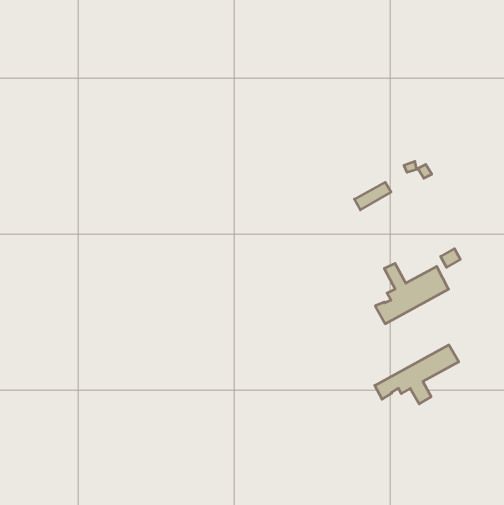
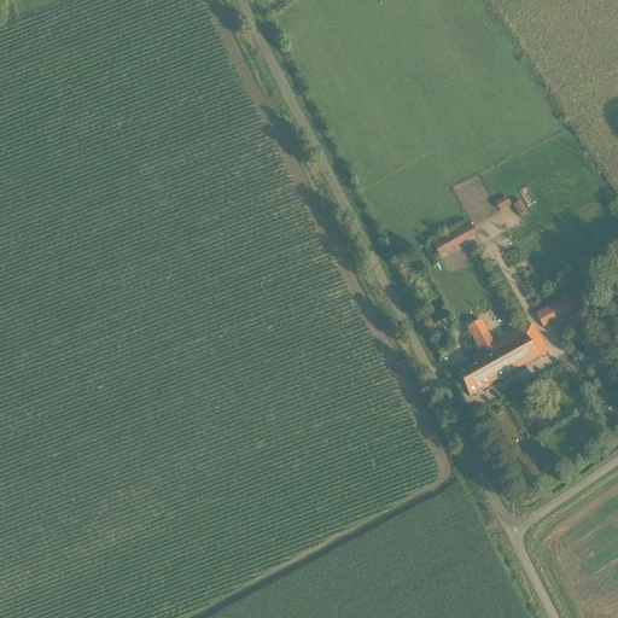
building: [375,345,459,404] -> none

